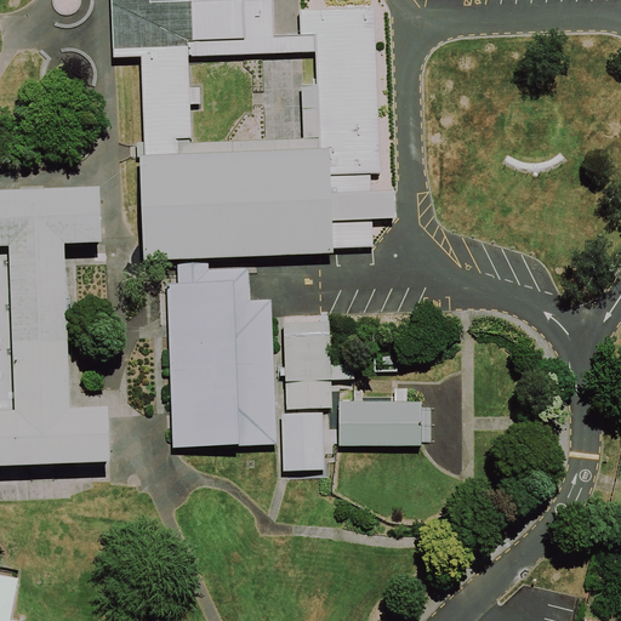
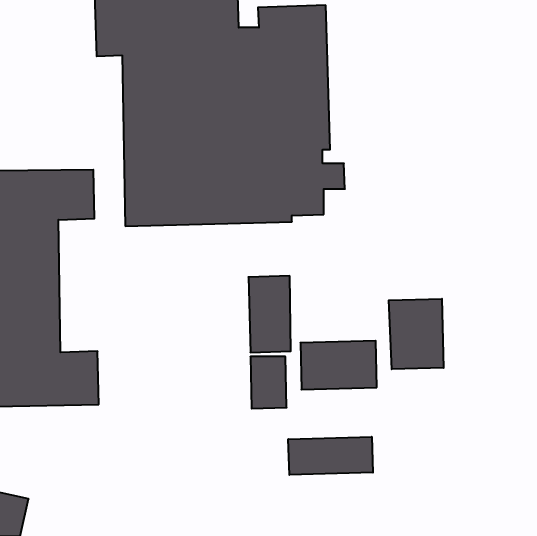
building: [166,266,274,445] -> none
building: none -> [389,299,444,369]
building: none -> [288,437,373,475]

